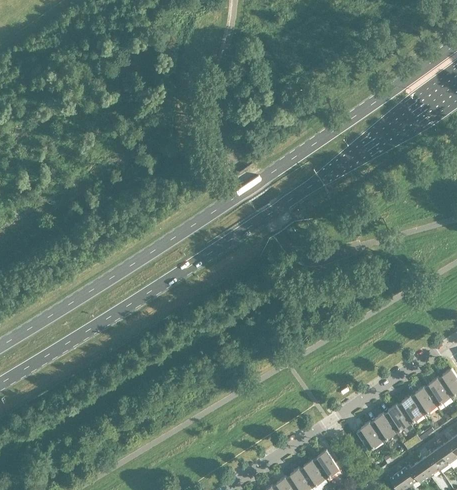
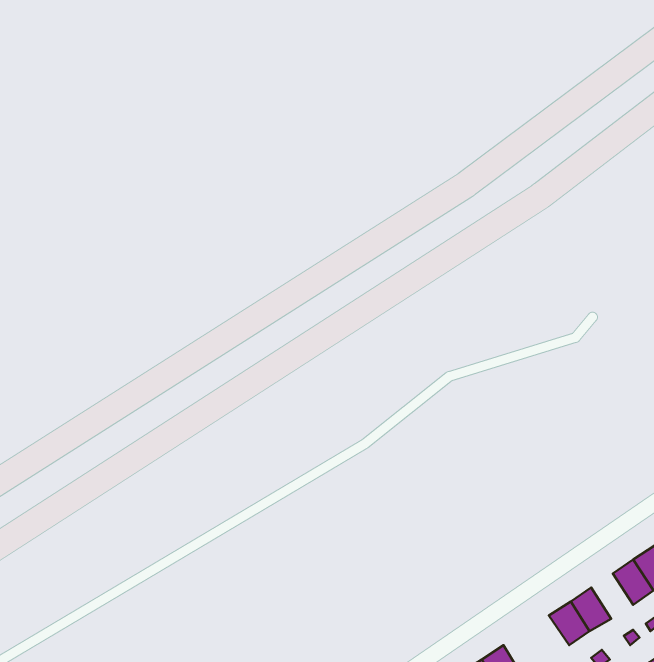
building: [383,405,410,434] -> none

